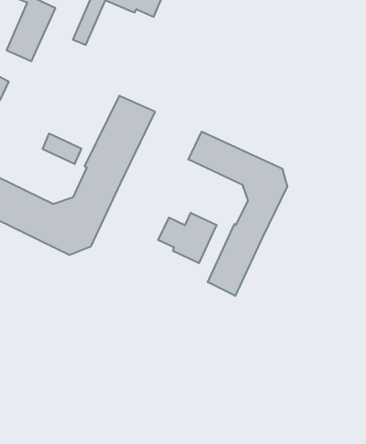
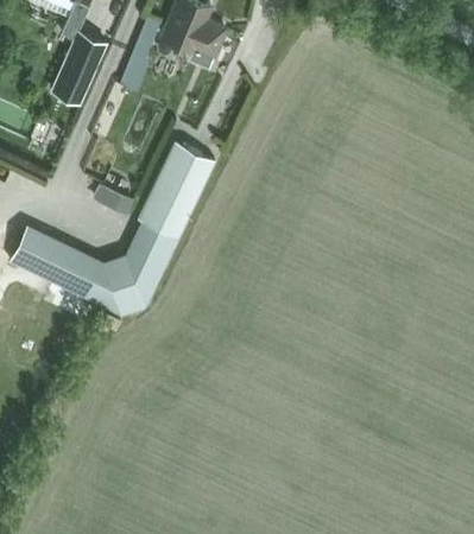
building: [188,132,287,296] -> none
building: [158,213,217,263] -> none

